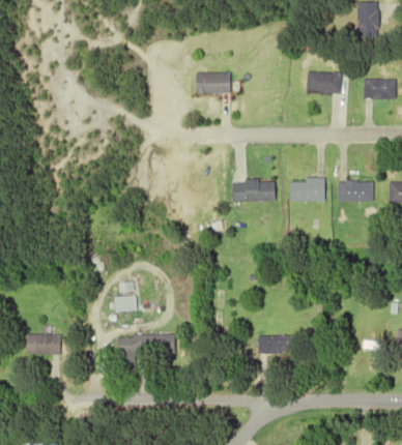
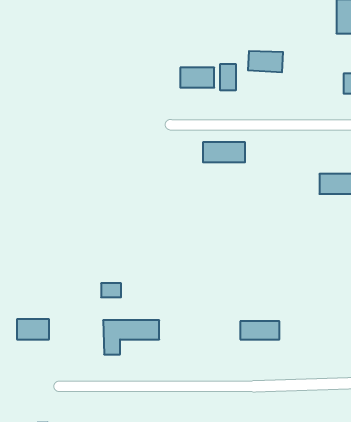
building: none -> [220,64,236,90]
building: [307,71,343,93] -> [248,51,283,72]
building: [231,180,275,201] -> [203,142,245,162]
building: [290,180,325,201] -> none

